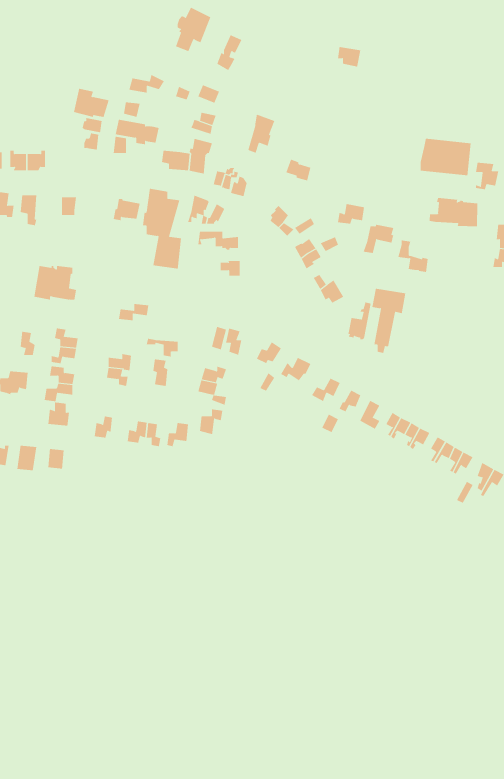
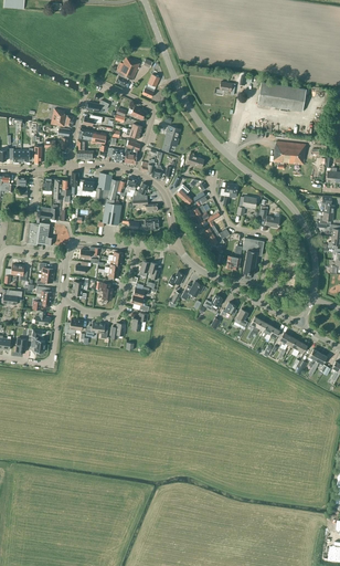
building: none -> [256,82,304,111]
building: [429,197,478,227] -> none

